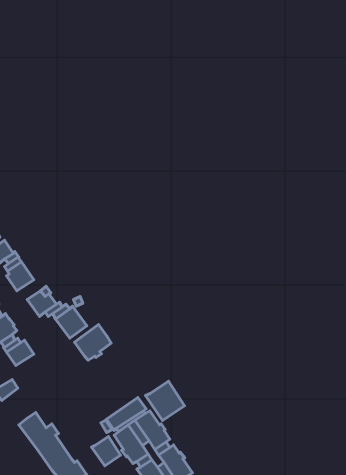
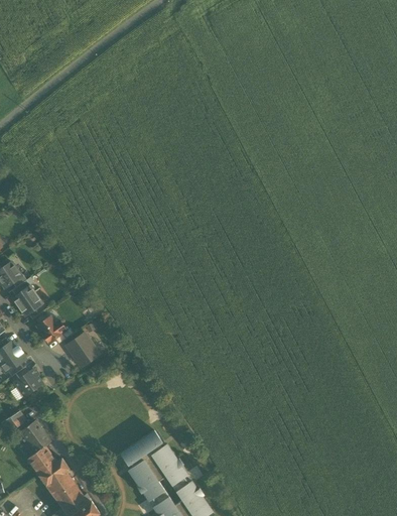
building: [74,325,111,360] -> none
building: [146,381,184,420] -> none
building: none -> [21,420,51,453]
building: [92,437,121,466] -> none

